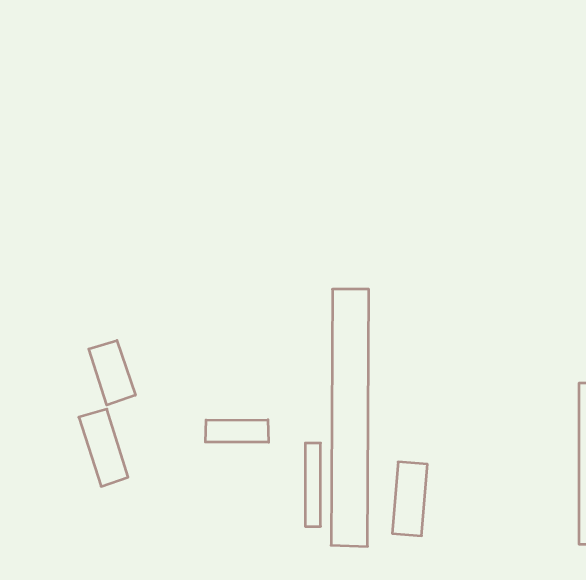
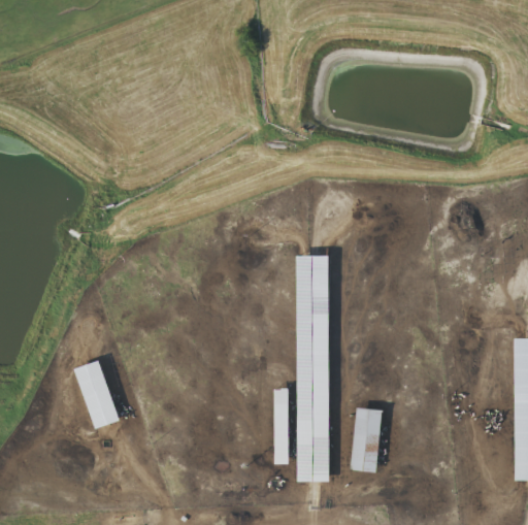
building: [89,340,135,405] -> none
building: [205,420,269,442] -> none

